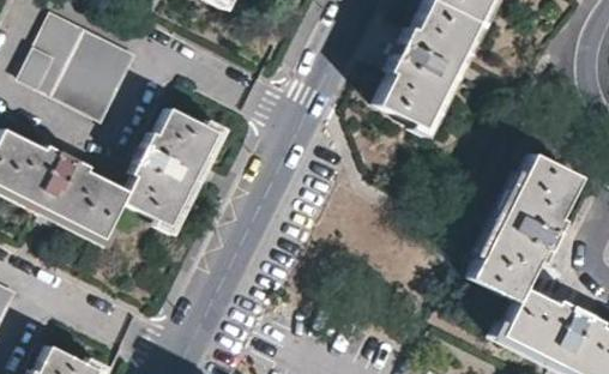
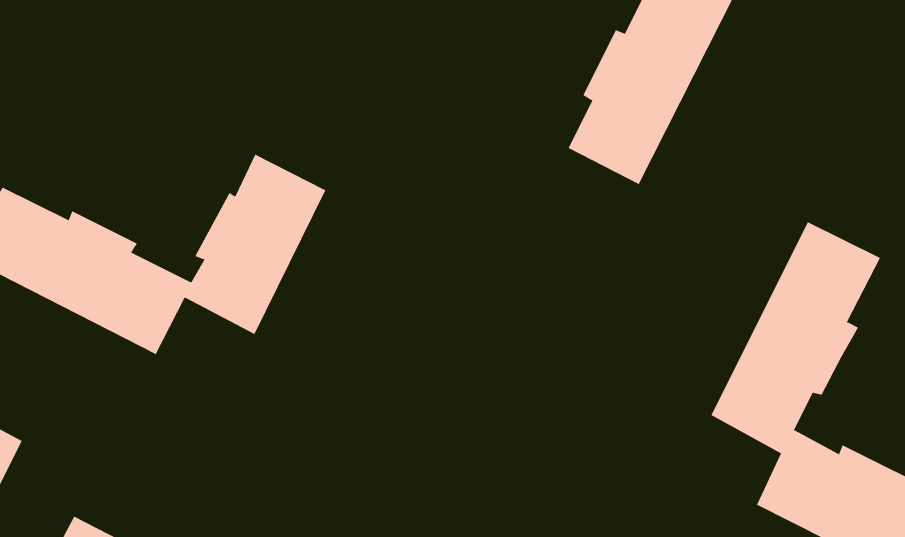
building: [24,14,138,121] -> none

